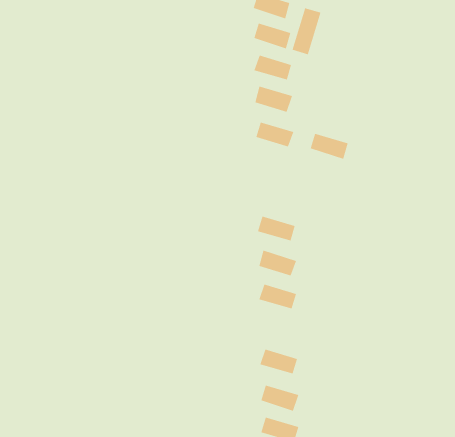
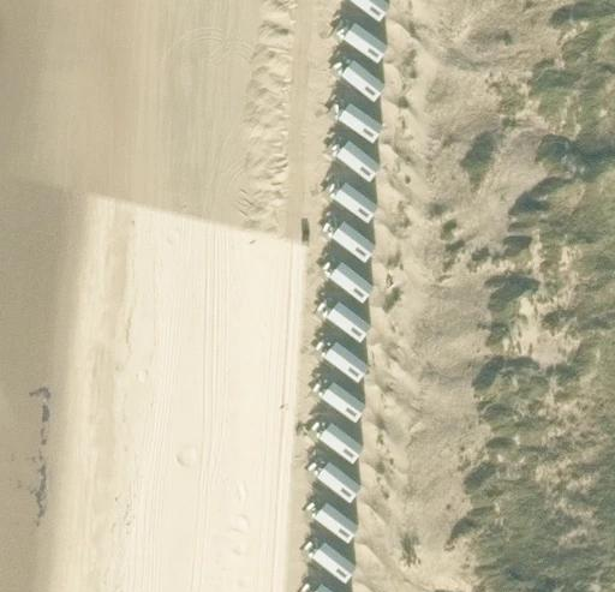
building: [292,7,321,55] -> none
building: [310,133,348,160] -> [336,227,383,262]
building: none -> [334,263,381,298]
building: none -> [323,424,370,459]

